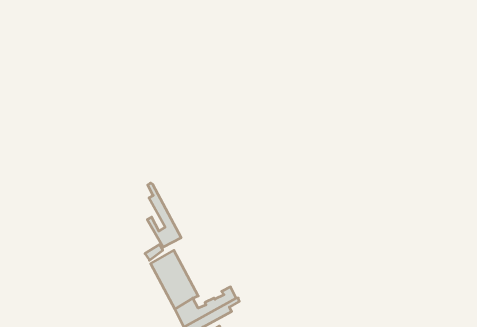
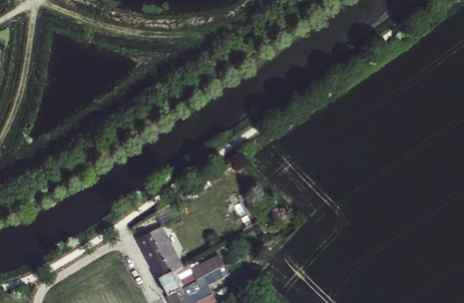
building: [147,183,181,247] -> none

